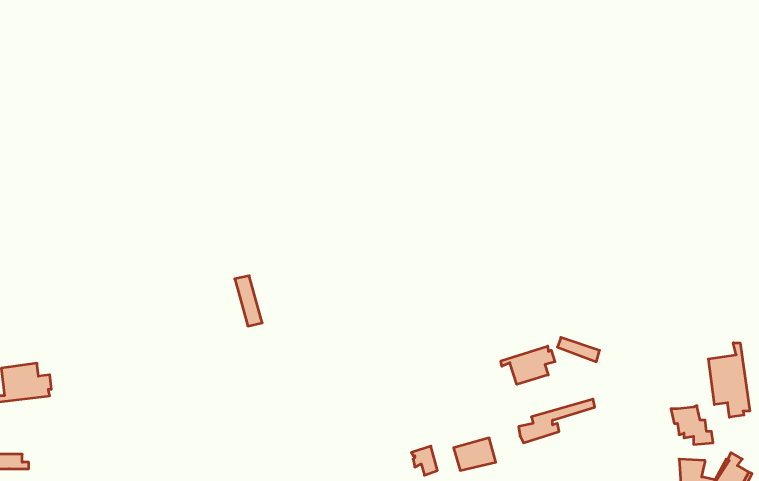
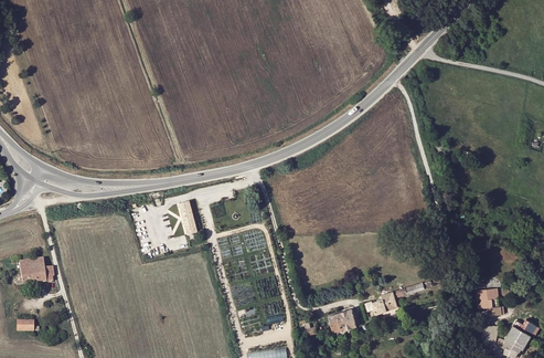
building: [708,343,750,417] -> none
building: [501,346,555,384] -> none

